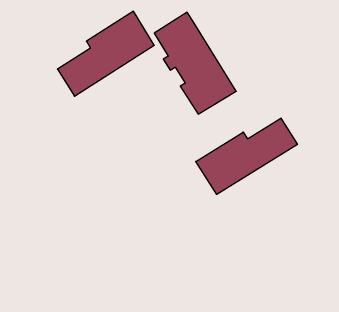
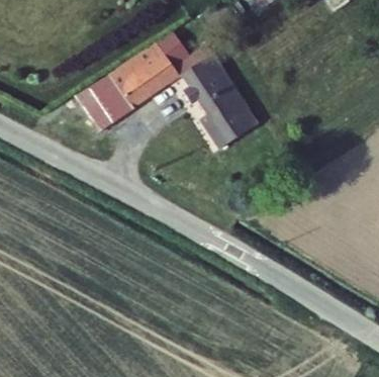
building: [196,118,297,194] -> none

